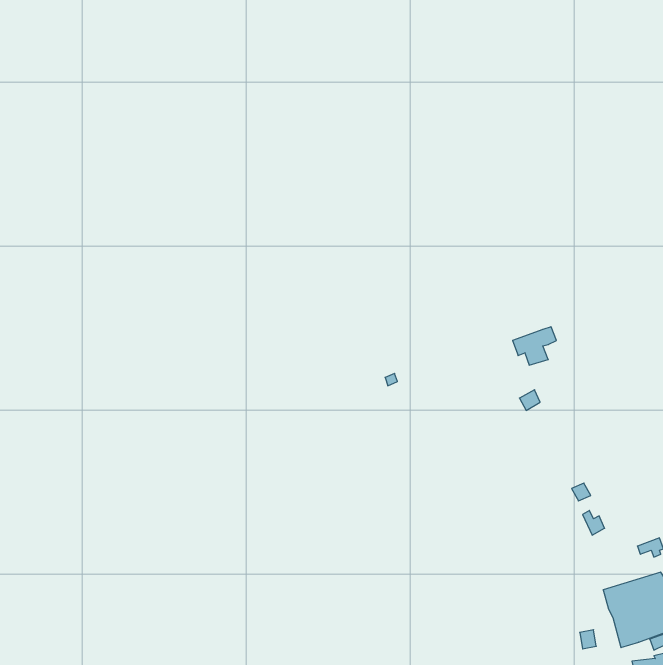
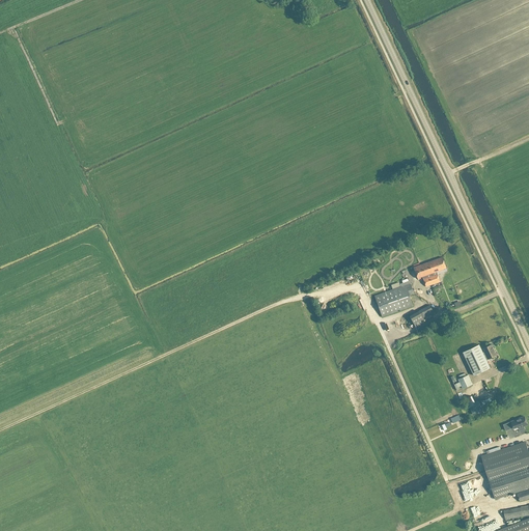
building: none -> [374,283,414,316]
building: none -> [463,343,497,374]

